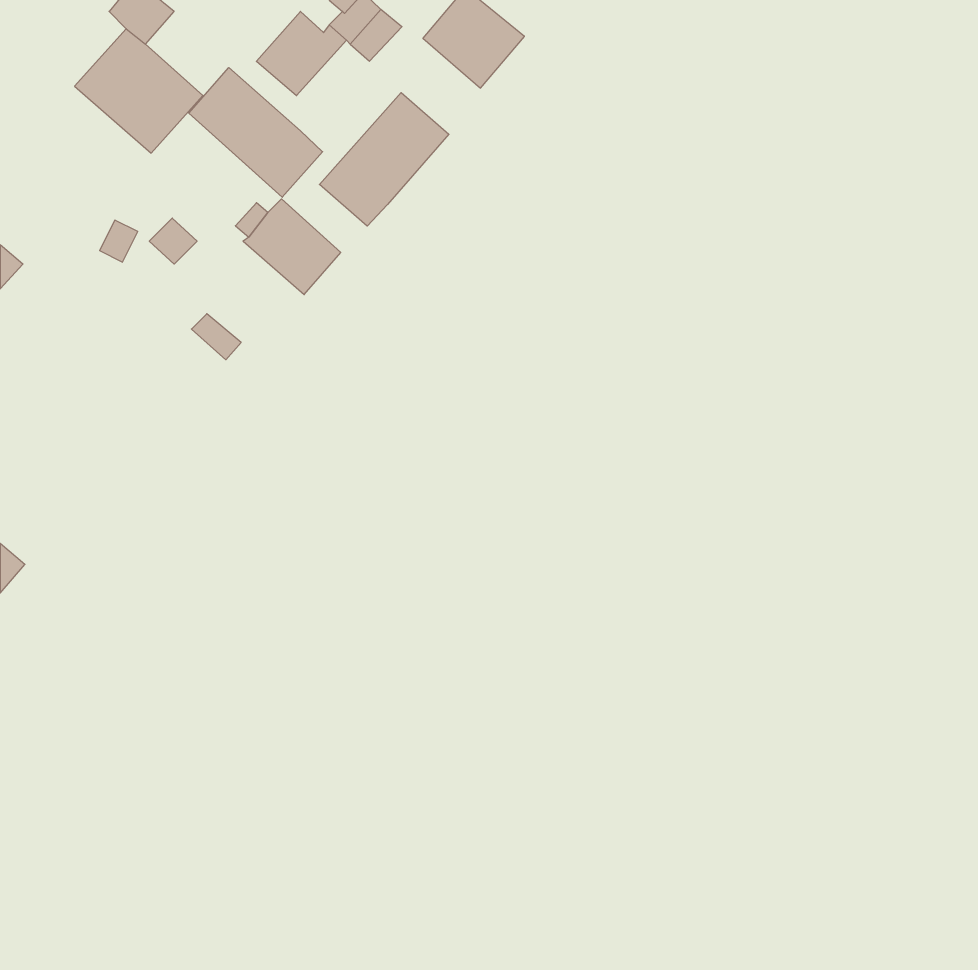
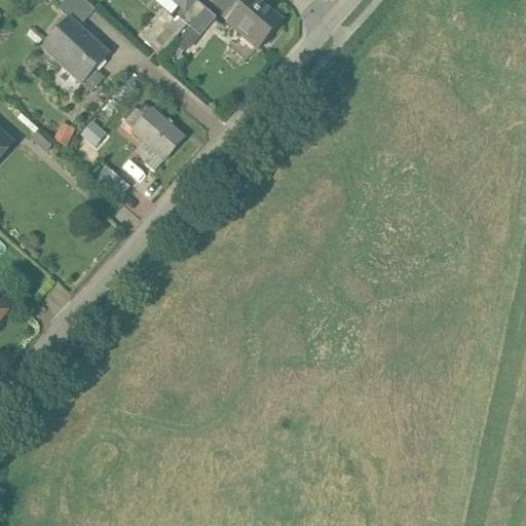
building: [189,68,323,197] -> none
building: [319,93,449,226] -> none

